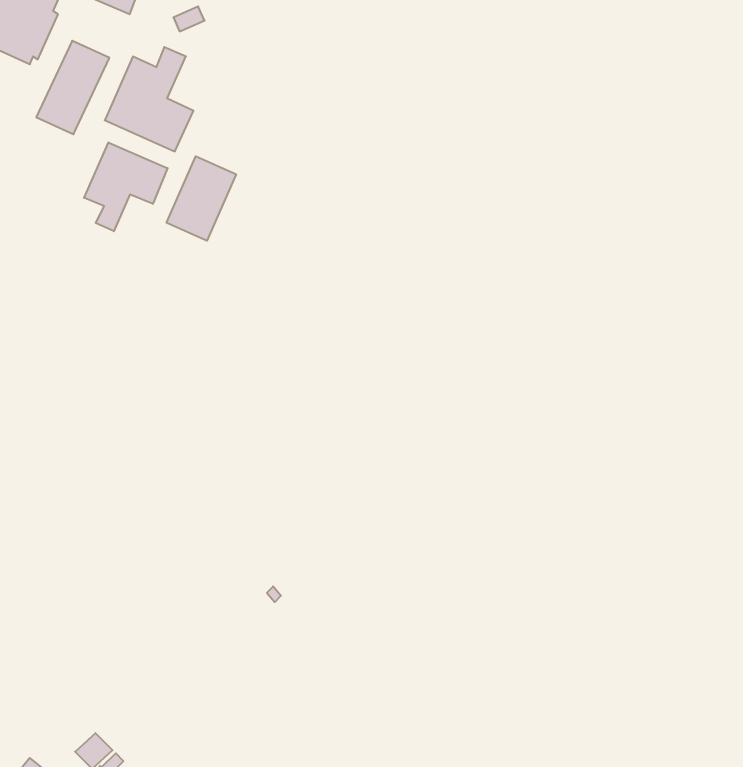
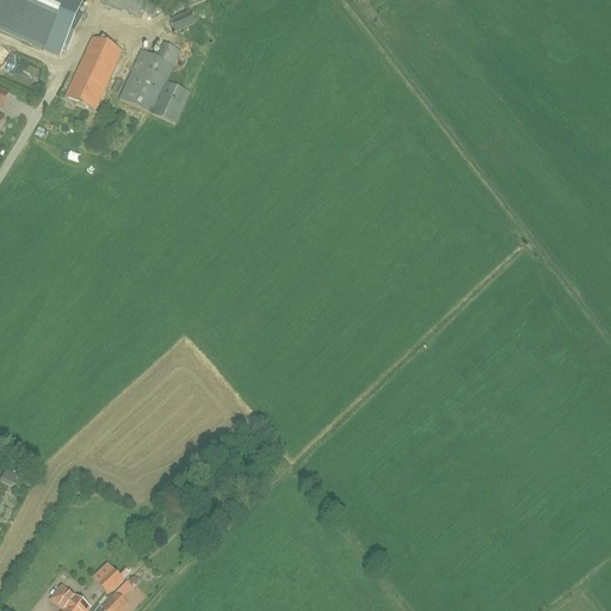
building: [84,142,168,231] -> none
building: [167,156,236,241] -> none

